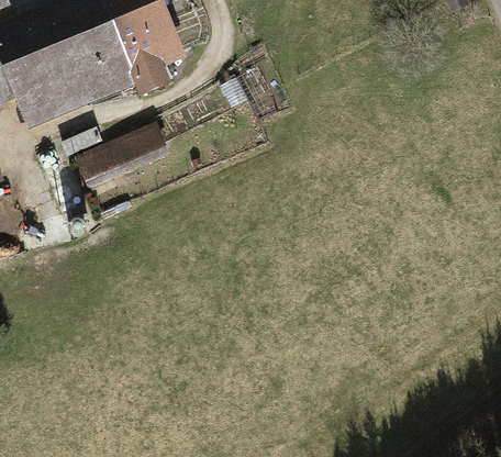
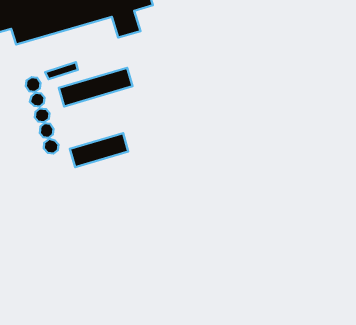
building: none -> [70,133,128,167]

